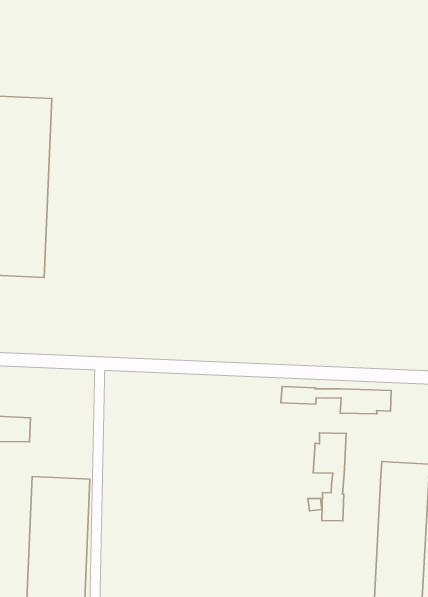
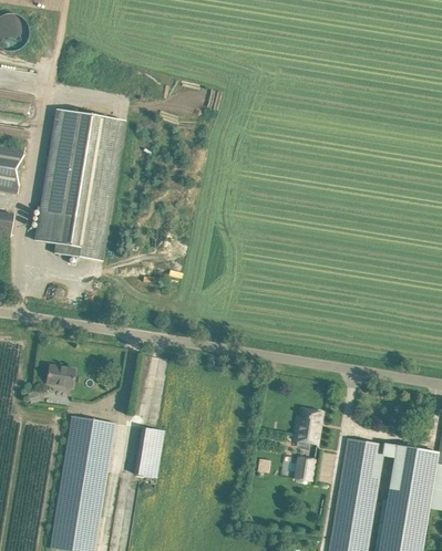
building: [281,386,391,414] -> none
building: none -> [133,428,163,478]

